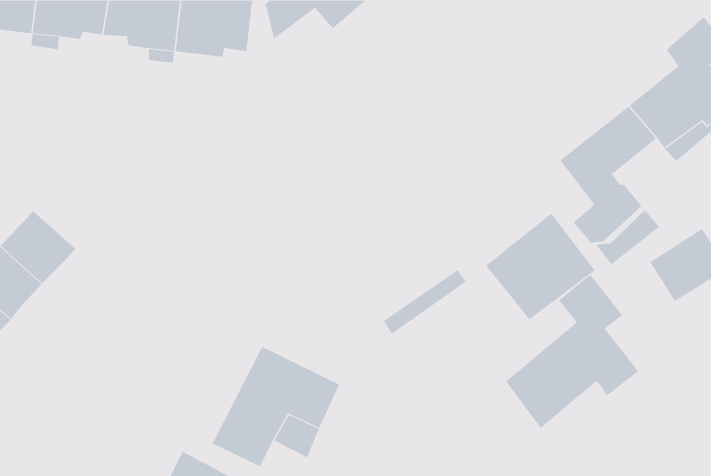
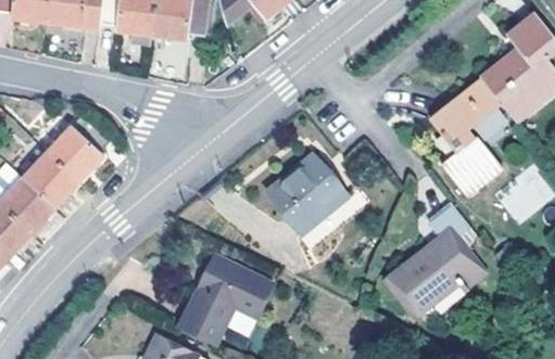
building: none -> [45,118,106,183]
building: [485,213,596,320] -> [263,153,344,232]

